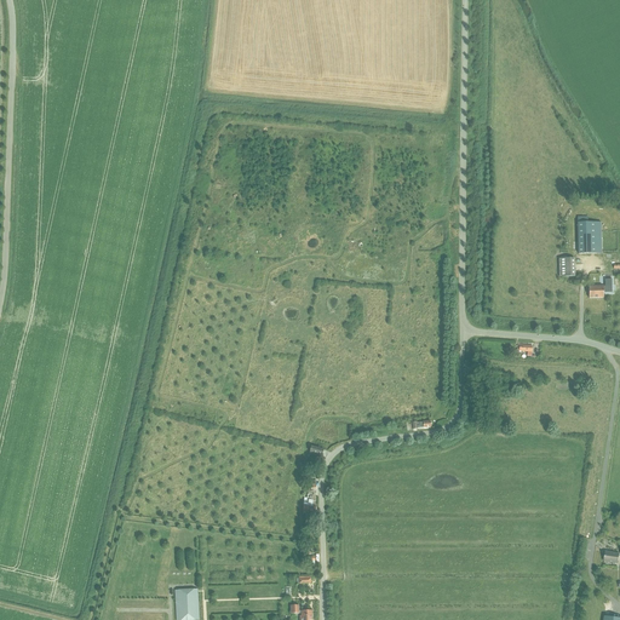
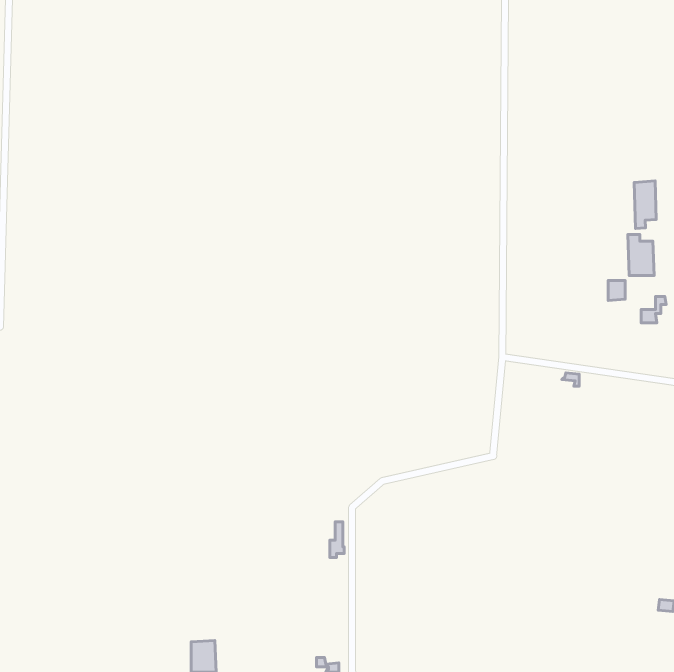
building: none -> [634,181,656,228]

